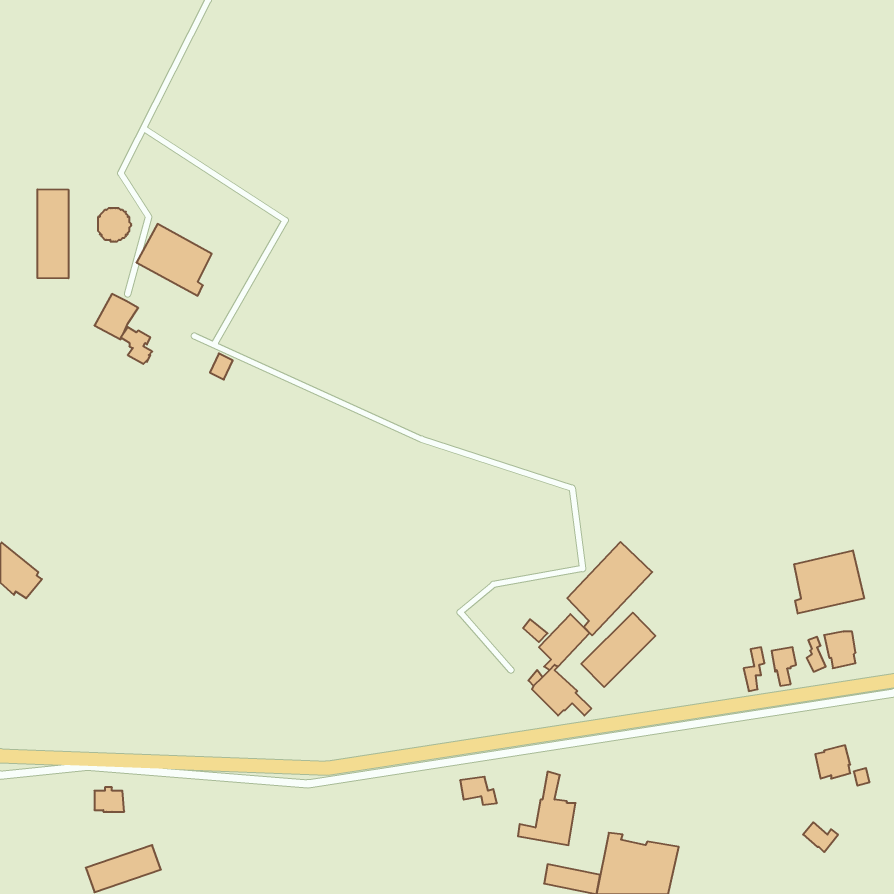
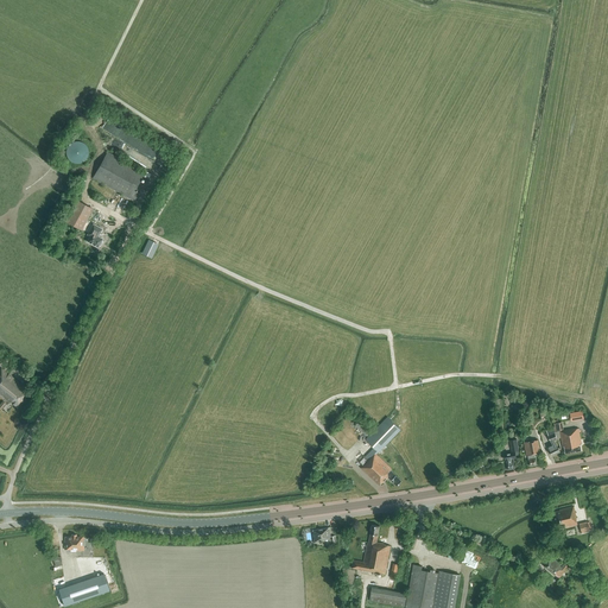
building: [37,189,68,278] -> none
building: [567,542,652,635] -> none
building: [794,550,864,614] -> none
building: [581,613,655,687] -> none

